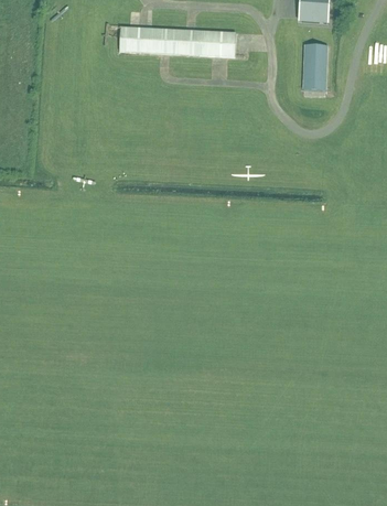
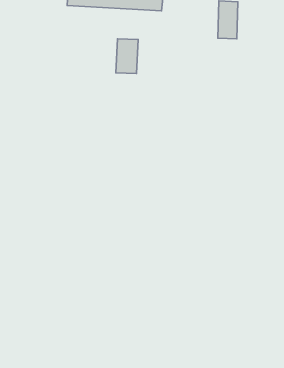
building: none -> [116,39,138,73]

